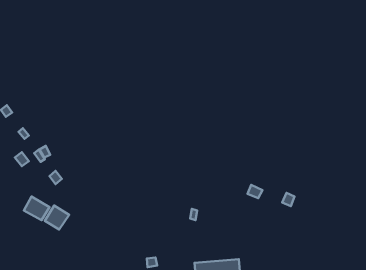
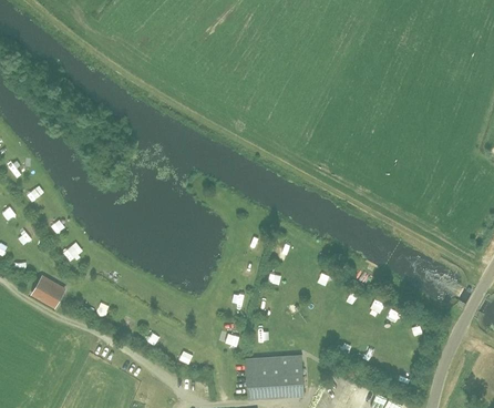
building: [45,205,69,230] -> none

